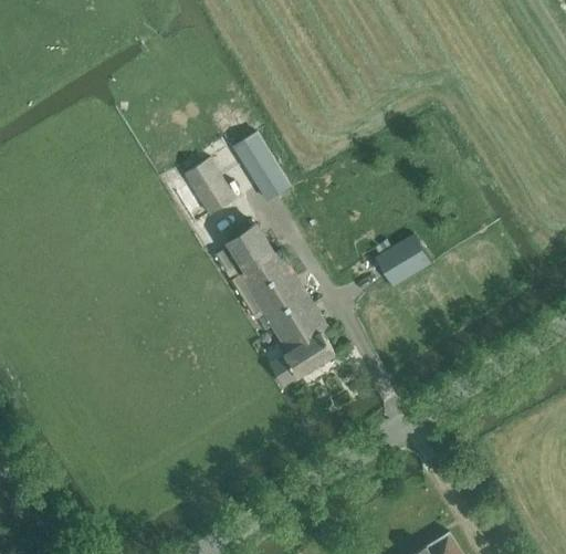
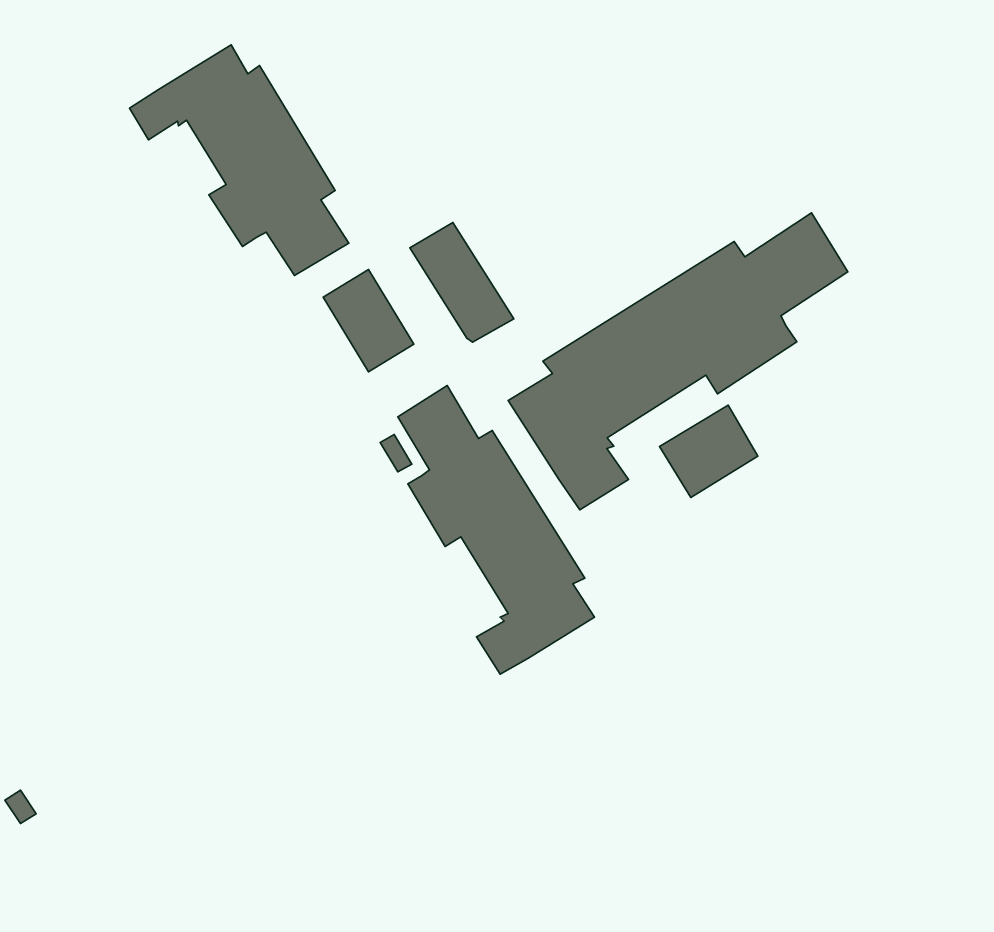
building: none -> [129,45,349,276]
building: none -> [508,213,848,510]

